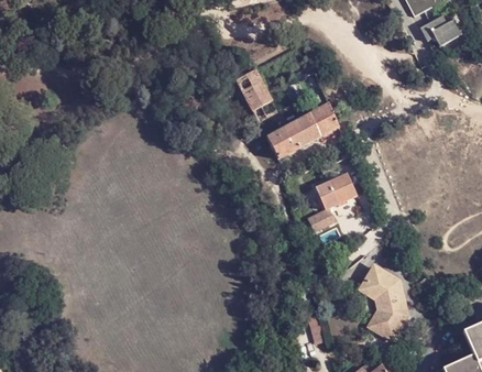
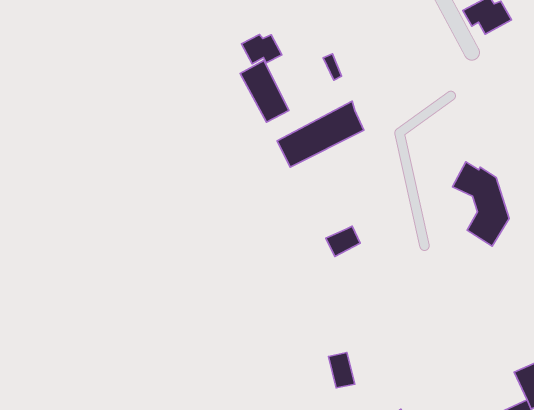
building: none -> [241,34,282,64]
building: [315,173,355,210] -> none
building: [362,266,409,337] -> [453,162,509,246]

